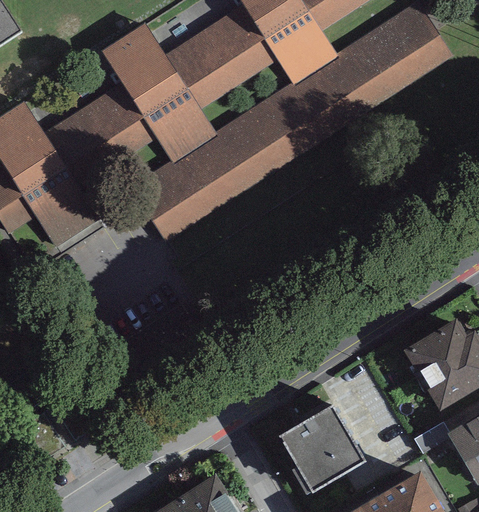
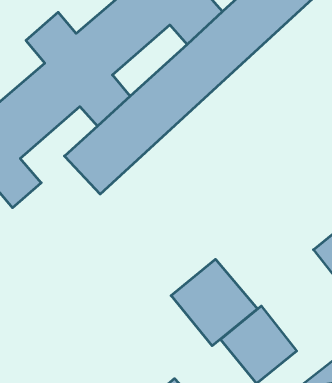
building: none -> [171,259,258,346]

